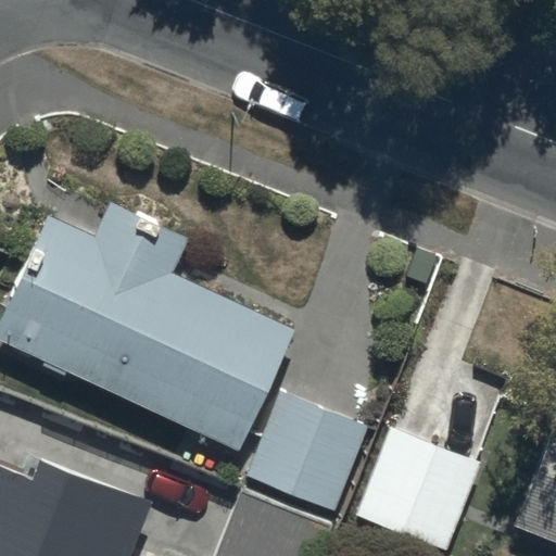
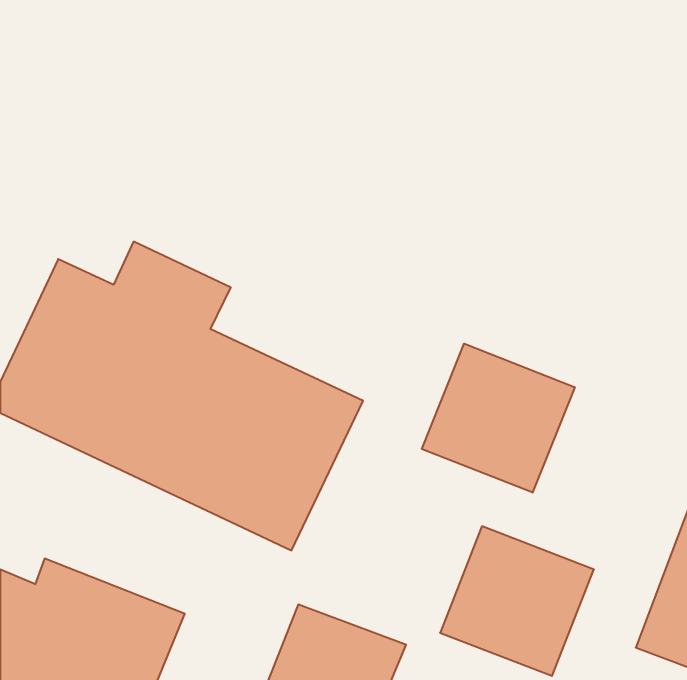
building: none -> [422,344,575,493]
building: [248,394,368,513] -> none

